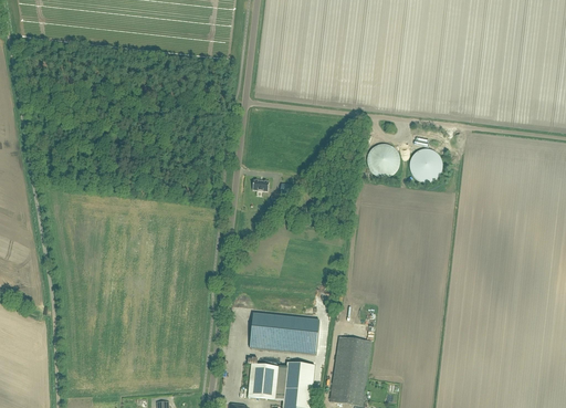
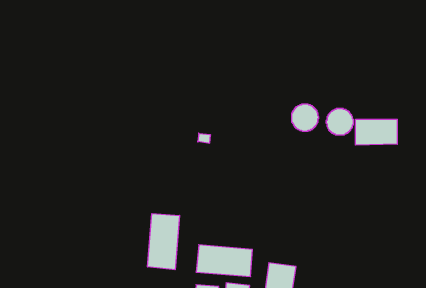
building: none -> [355,119,397,145]
building: none -> [148,214,180,270]

